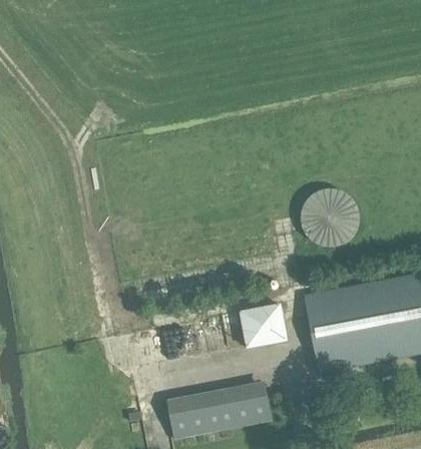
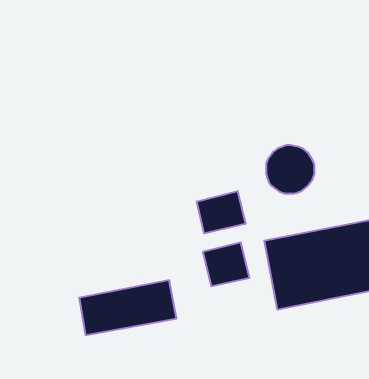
building: none -> [197,191,245,233]
building: [166,380,272,439] -> [79,280,177,335]

